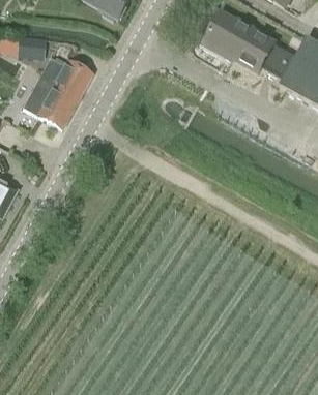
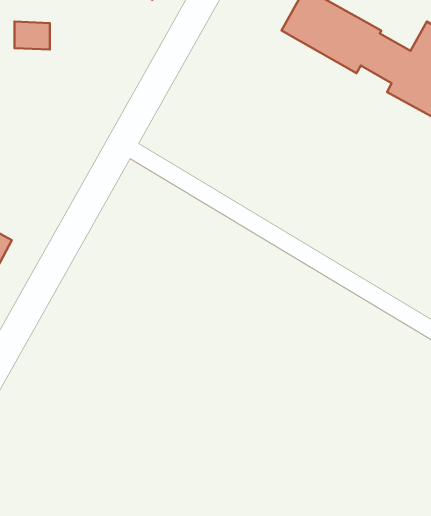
building: [21,58,90,128] -> none

